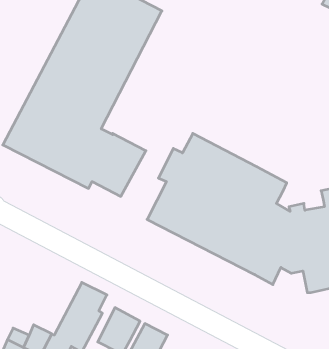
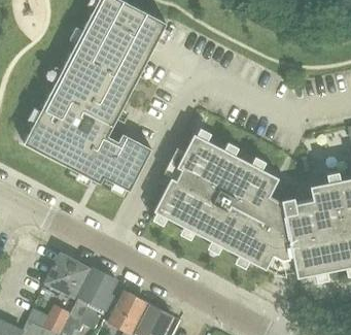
building: none -> [45,254,87,297]

